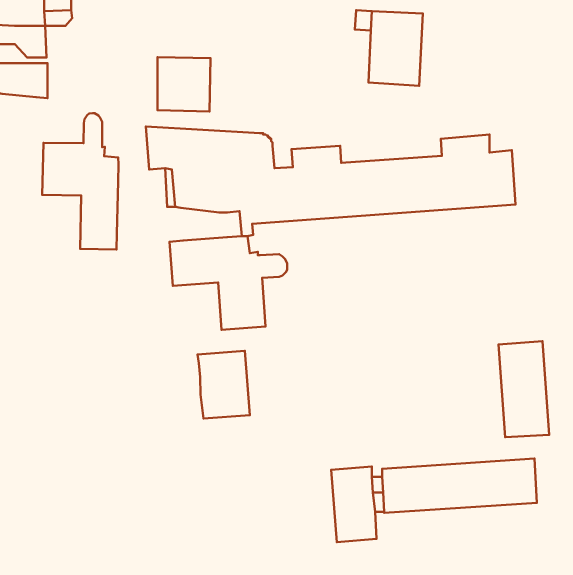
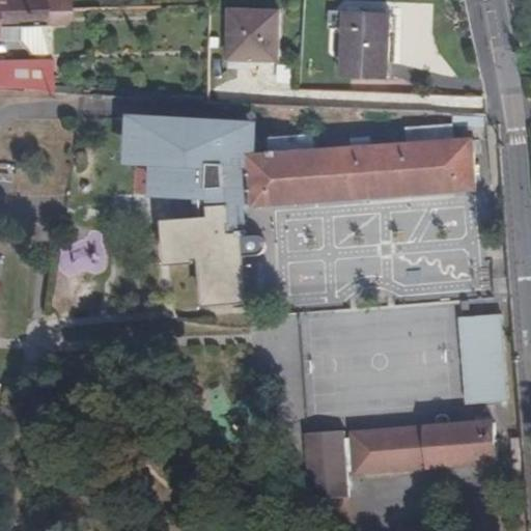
building: [157,57,211,111] -> [227,9,276,59]
building: [42,113,118,250] -> none
building: none -> [166,191,222,221]
building: [197,351,250,418] -> none

